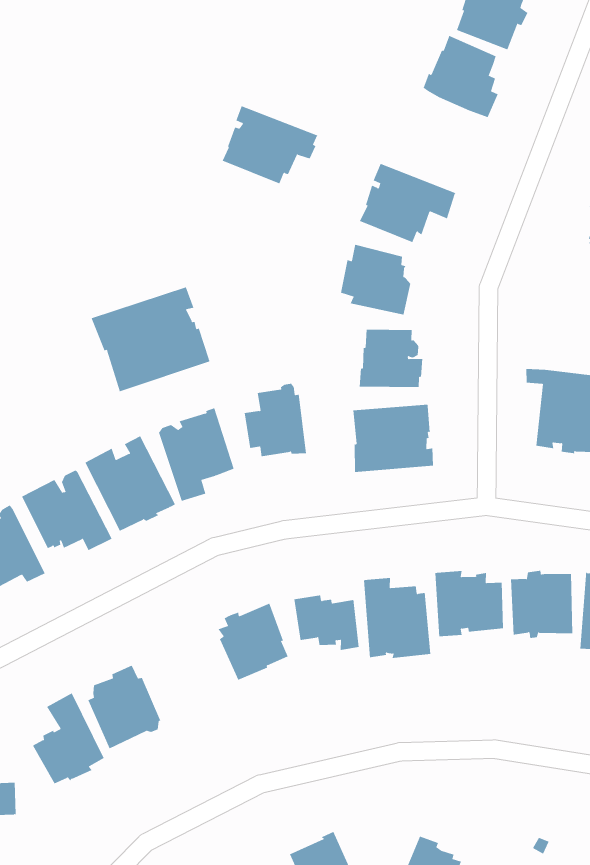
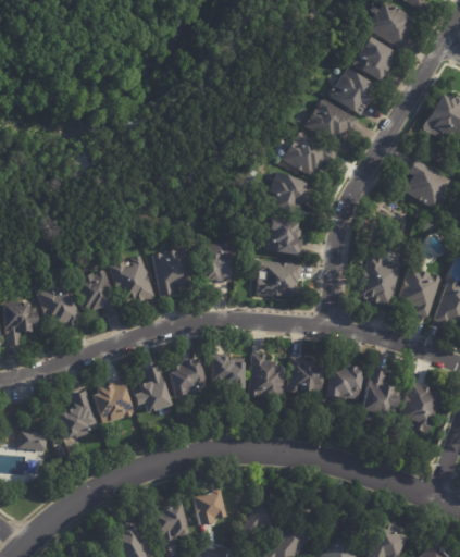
building: [222,105,319,184] -> [303,97,358,143]
building: [91,286,210,392] -> none
building: none -> [137,364,173,412]

